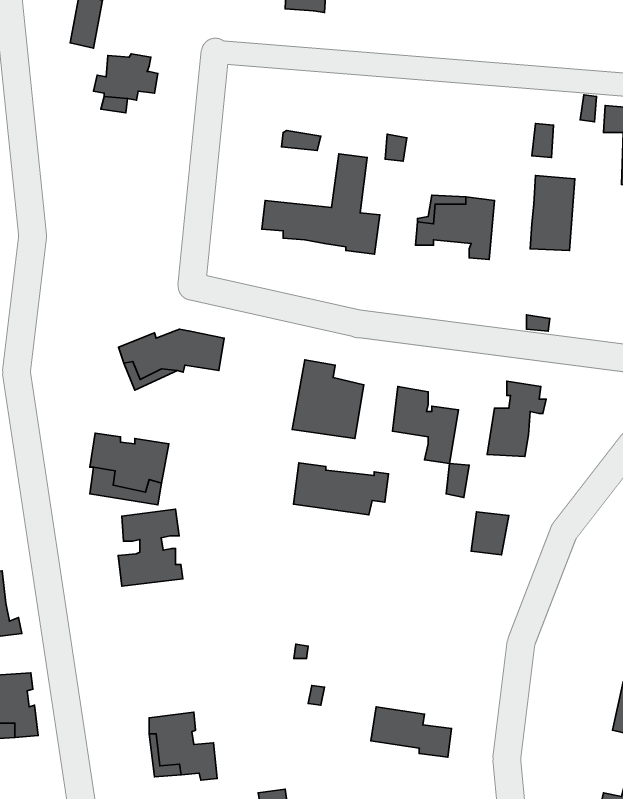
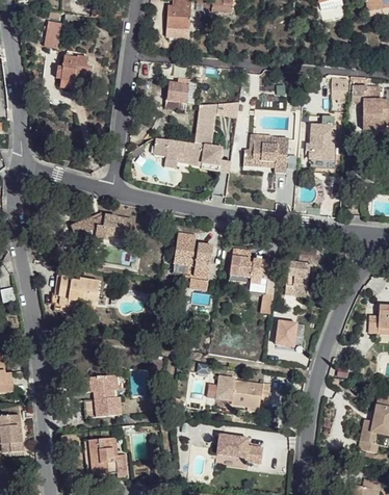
building: none -> [168,81,198,103]
building: [294,463,388,515] -> [215,377,270,408]
building: [118,509,183,586] -> [84,373,122,418]

